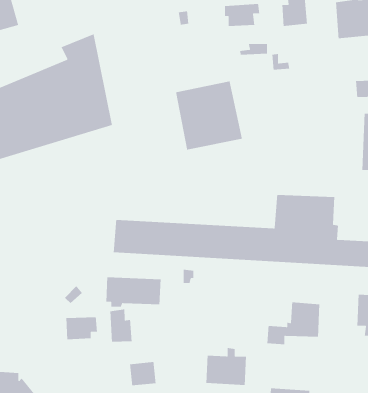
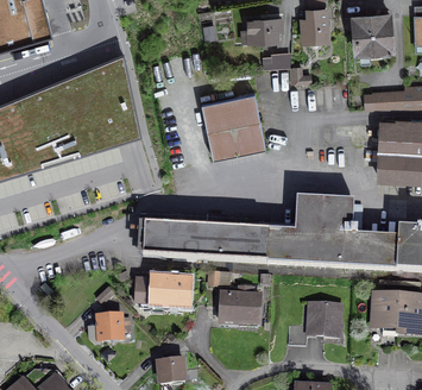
building: [110,308,132,342] -> none
building: [205,347,247,386] -> [221,287,260,323]

